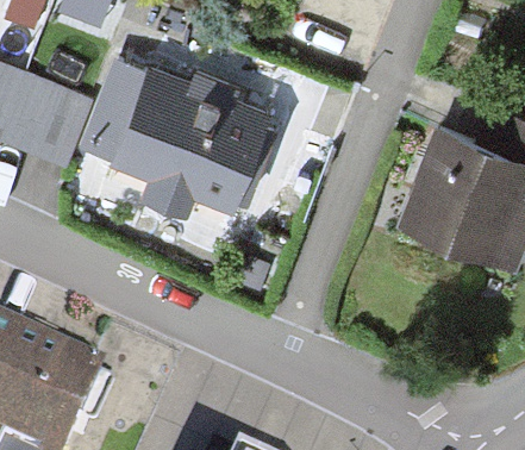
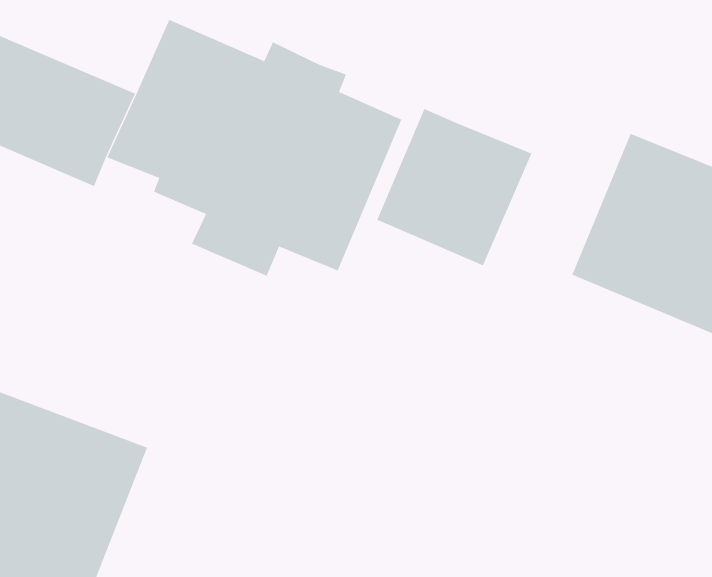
building: none -> [376,108,532,266]

